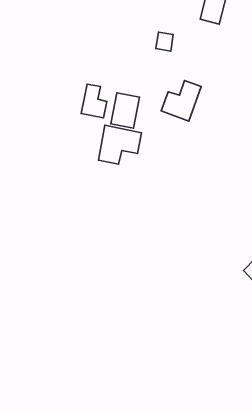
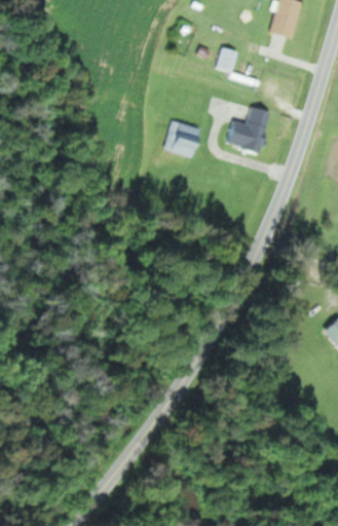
building: [81,84,107,118] -> none
building: [98,125,141,164] -> none

